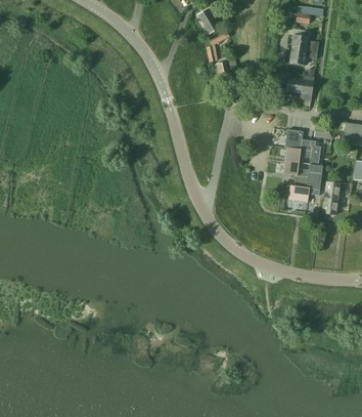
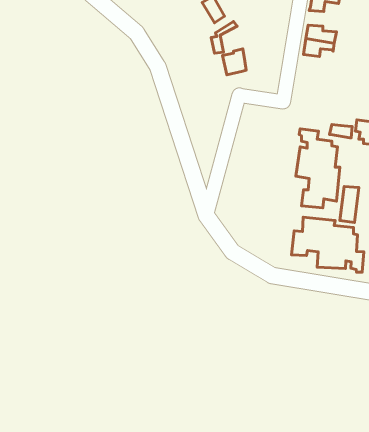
building: [285,69,314,109] -> none
building: none -> [291,217,364,272]

